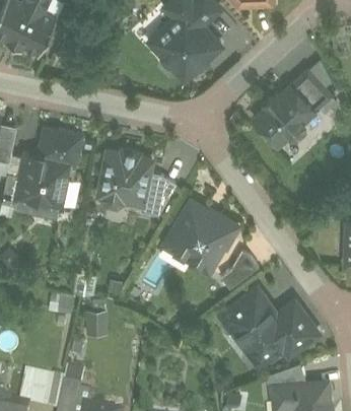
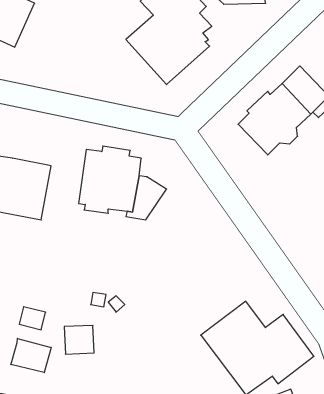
building: [41,122,87,160] -> none
building: [159,197,235,276] -> none
building: [218,252,255,289] -> none
building: none -> [11,338,51,373]

